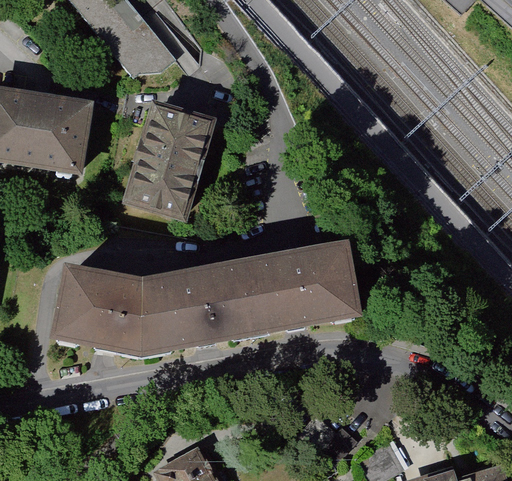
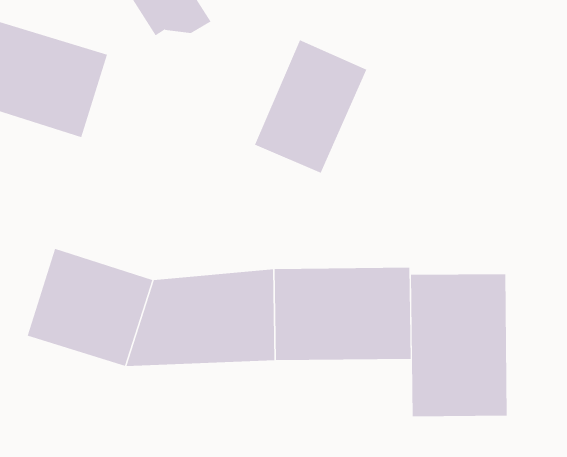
building: [127,109,210,215] -> [254,39,367,174]
building: none -> [411,273,507,417]

